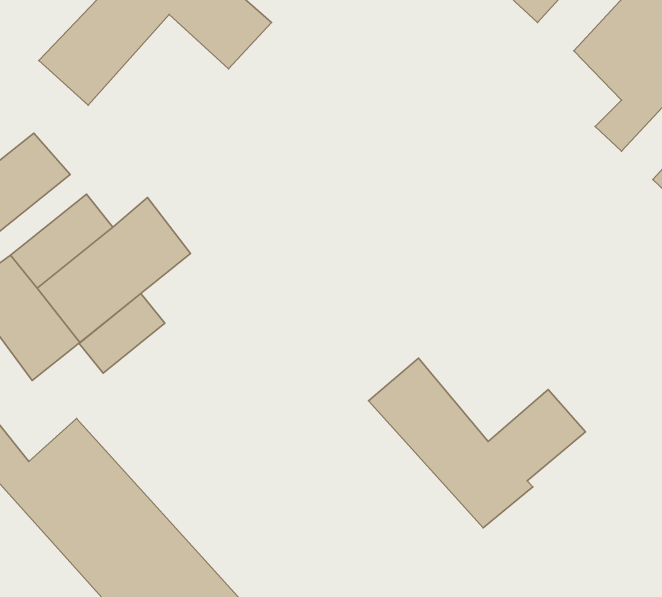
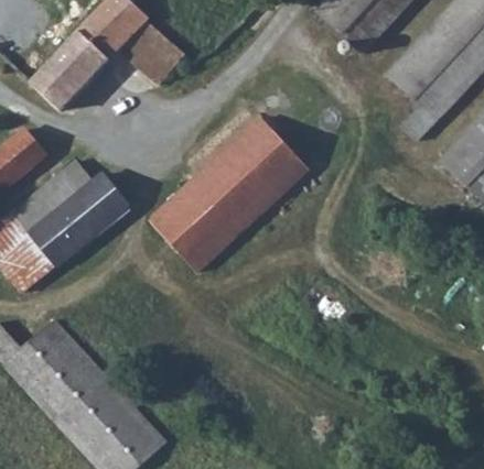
building: none -> [149,117,311,274]
building: [79,294,165,373] -> none
building: [369,358,585,528] -> none

